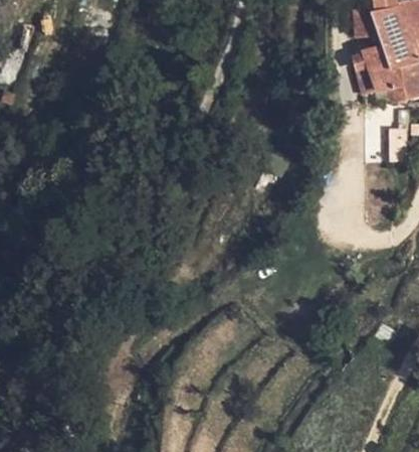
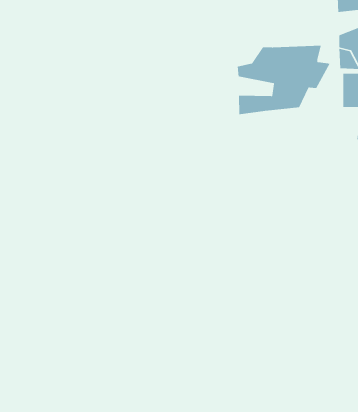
building: none -> [237,45,331,115]

